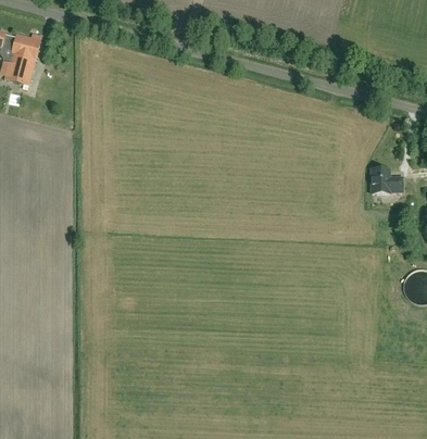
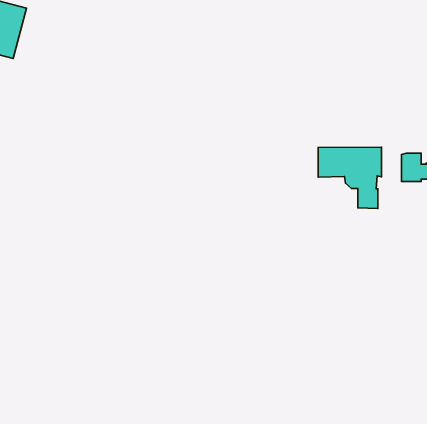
building: none -> [318,147,382,208]

